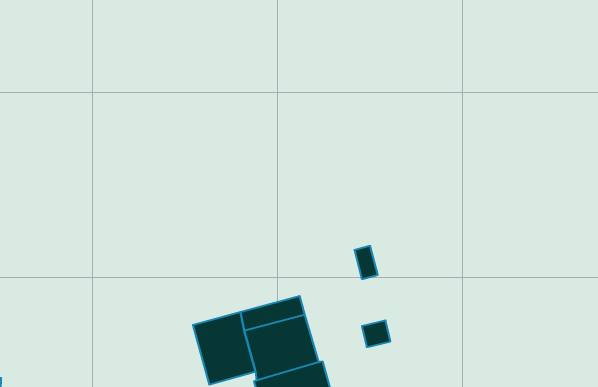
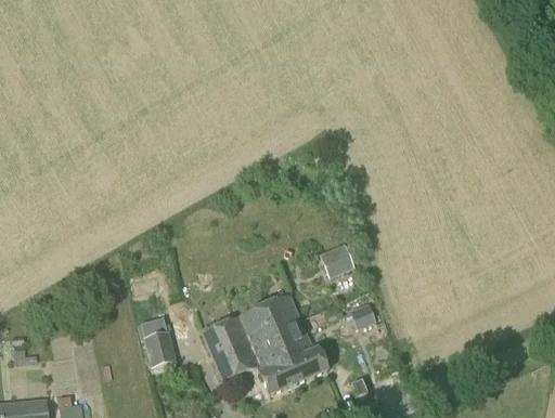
building: none -> [139,316,175,367]

